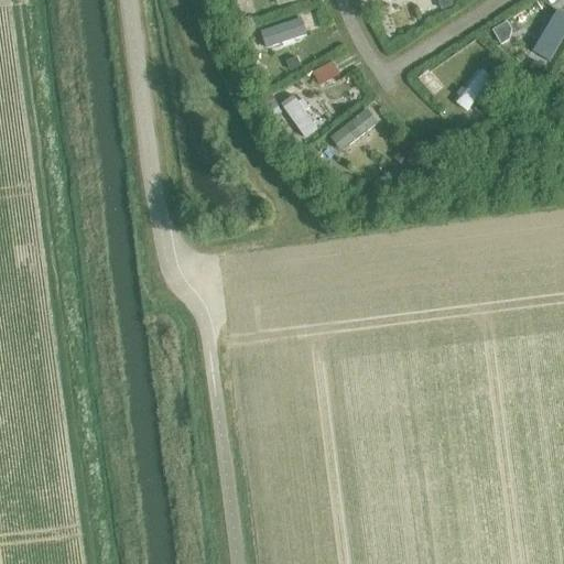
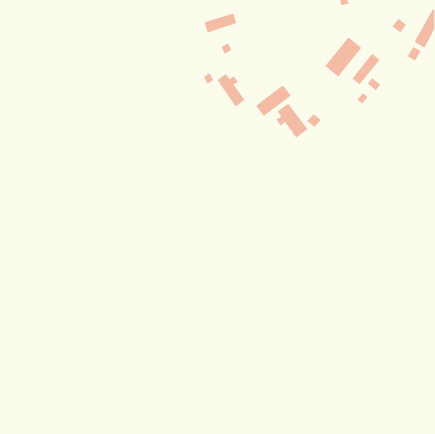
building: none -> [325,36,362,77]
building: none -> [275,103,309,138]

